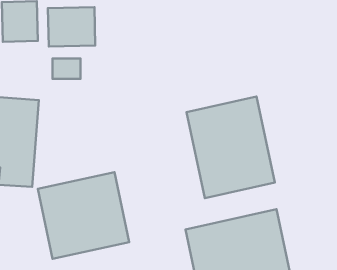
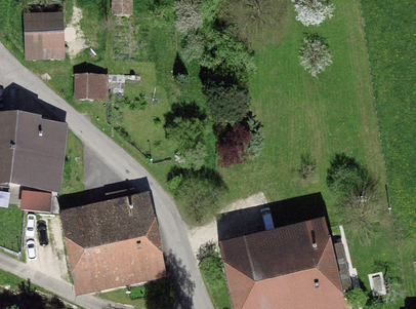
building: [48,7,95,47] -> none
building: [187,97,275,198] -> none

